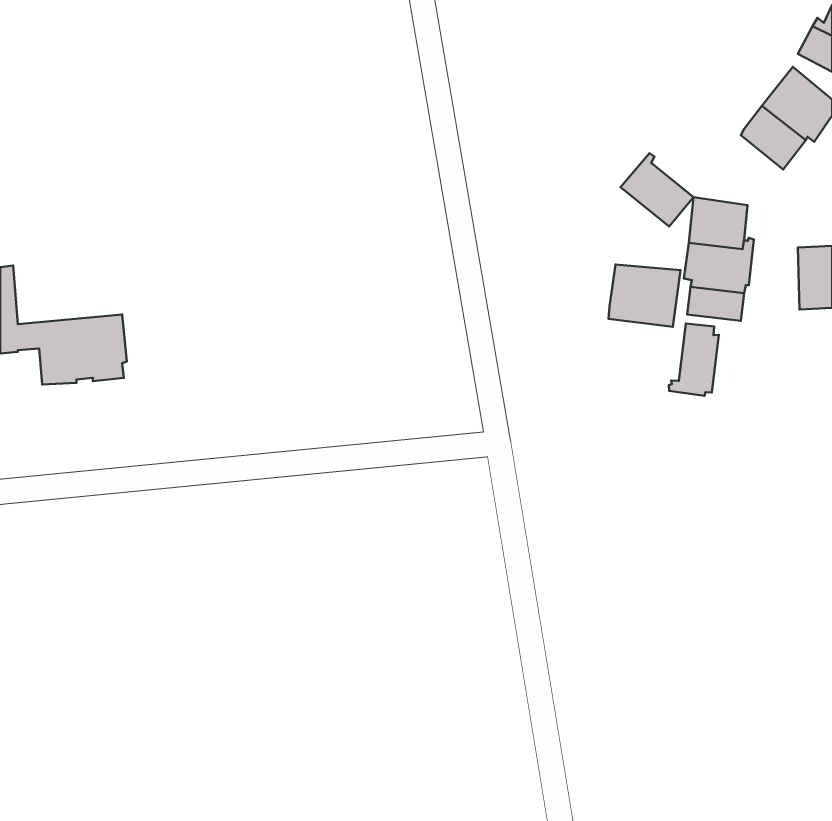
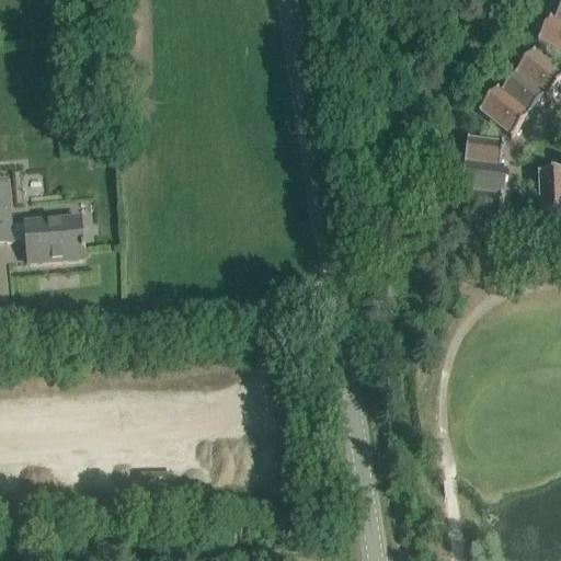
building: [620,153,694,226] -> [478,84,527,134]
building: [609,264,681,327] -> none
building: [669,324,719,396] -> none

